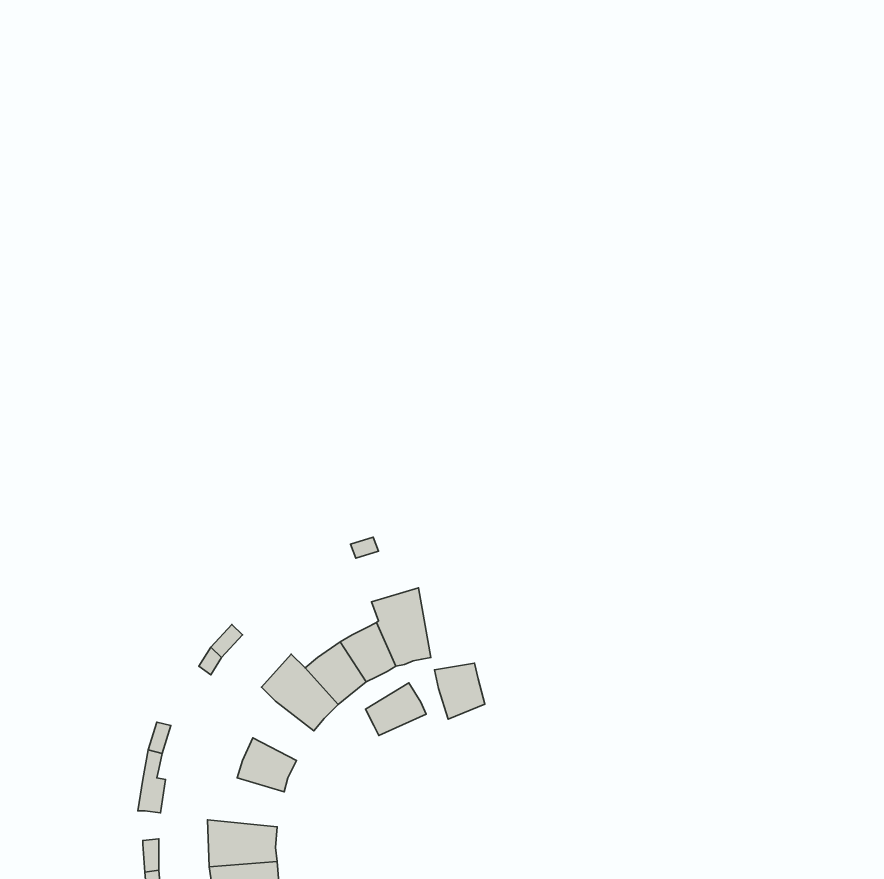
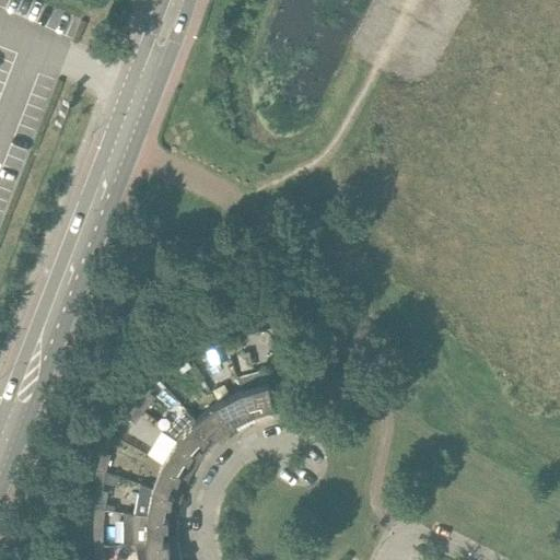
building: [434,663,485,719] -> none
building: [366,683,426,735] -> none
building: none -> [159,447,197,485]
building: none -> [130,492,178,526]

